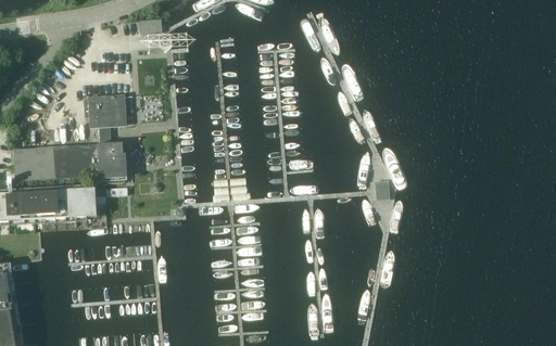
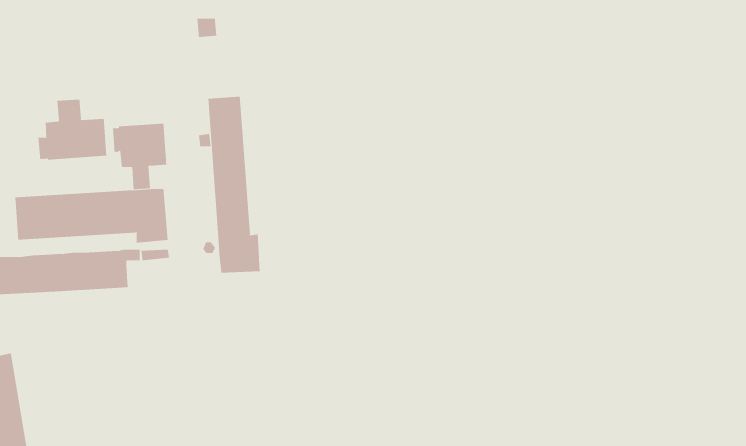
building: none -> [208,96,260,273]
building: none -> [38,99,107,160]

